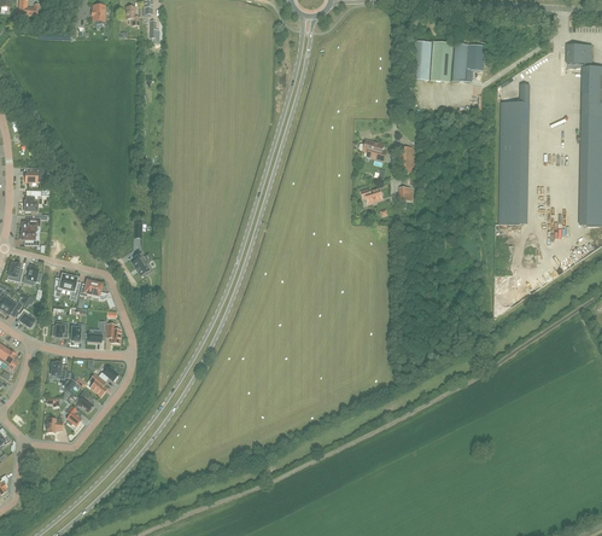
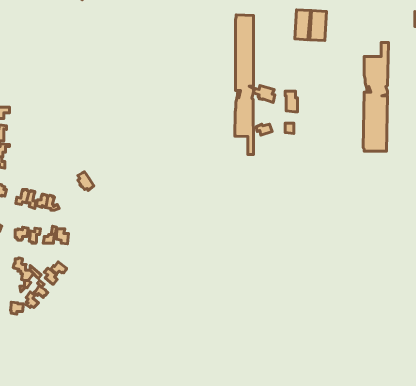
building: [451,43,484,81] -> none
building: none -> [235,15,253,155]

